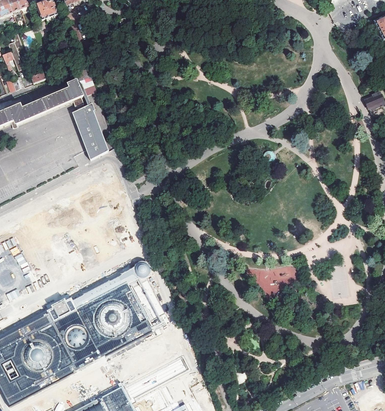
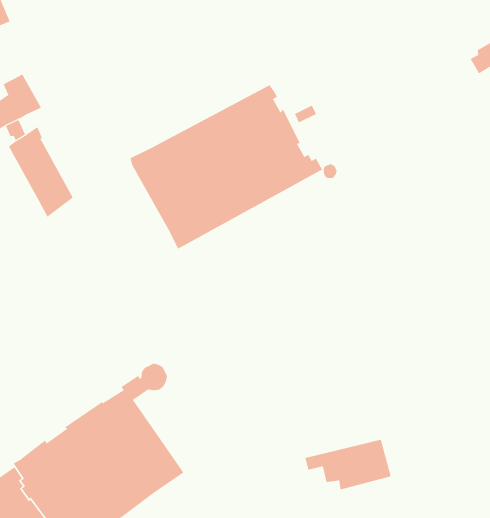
building: none -> [130,84,323,249]
building: [245,264,297,292] -> [305,439,392,490]

